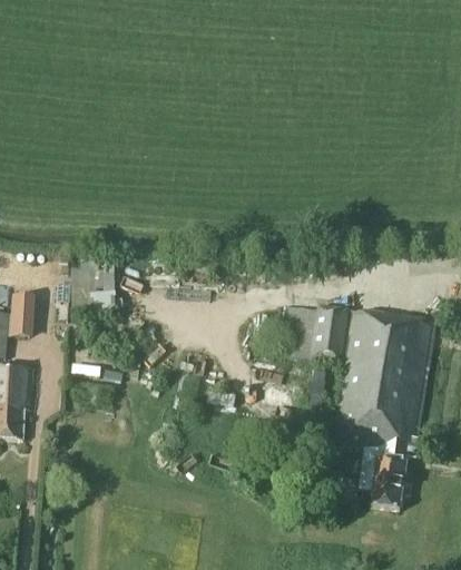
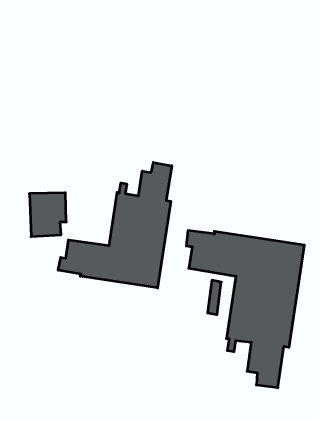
building: none -> [58,162,172,288]

